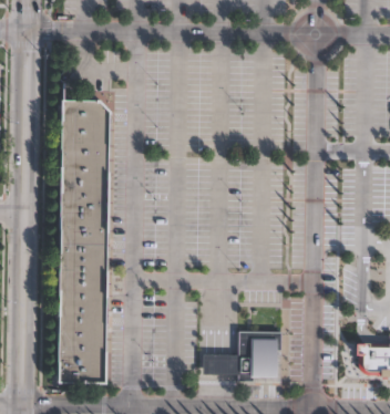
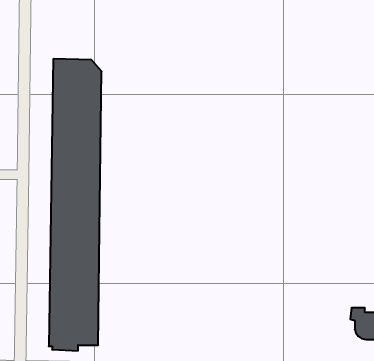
building: [203,331,281,382] -> none

